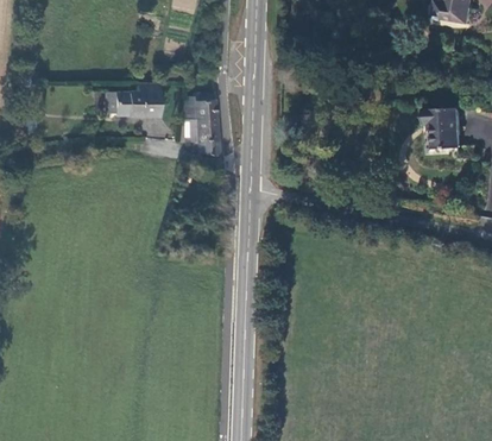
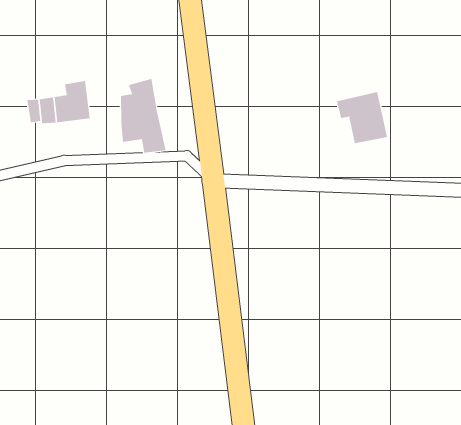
building: [421,107,460,149] -> [336,92,388,144]

